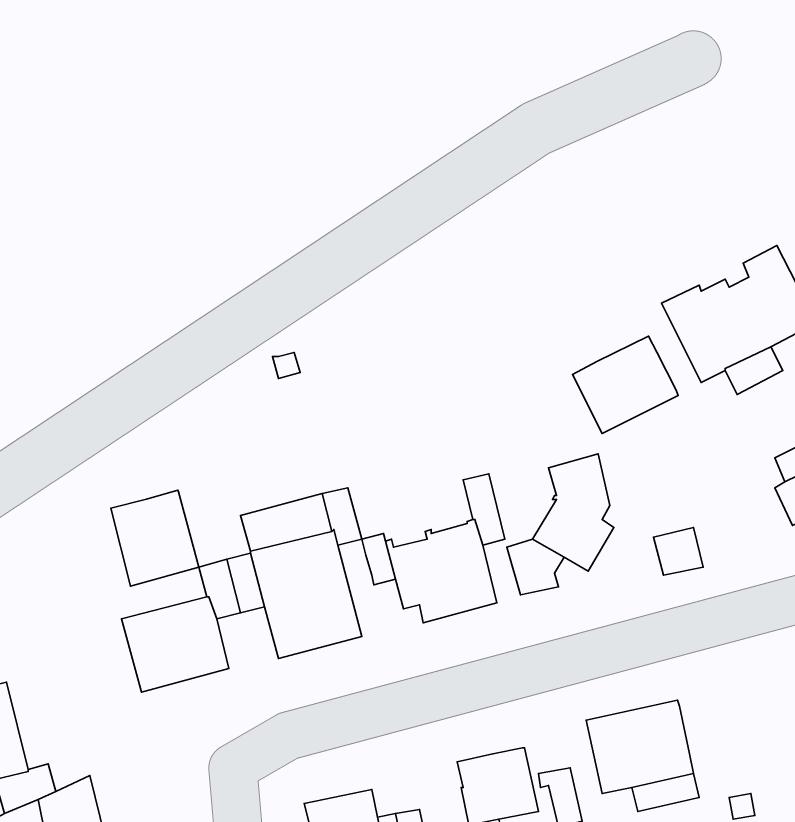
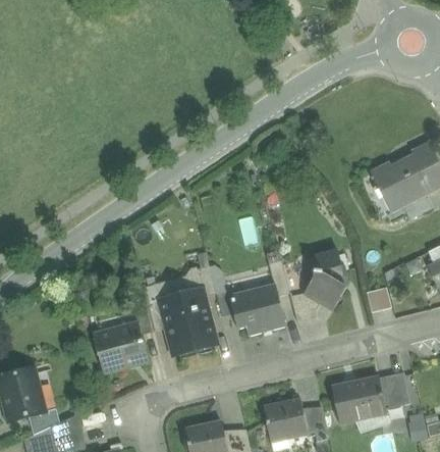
building: [572,336,678,433] -> none
building: [111,490,199,586] -> none
building: none -> [379,373,408,403]

